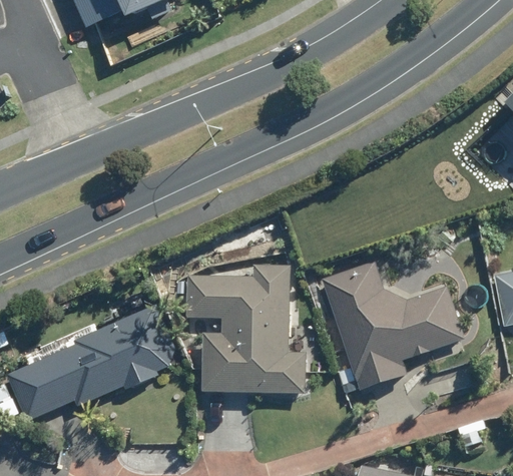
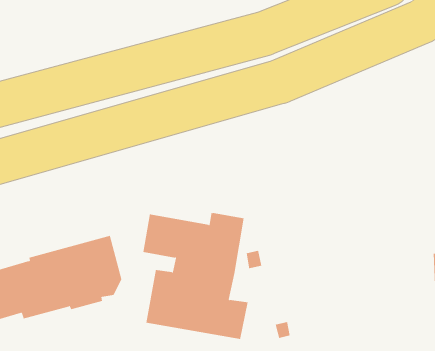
building: [324,264,465,390] -> none

